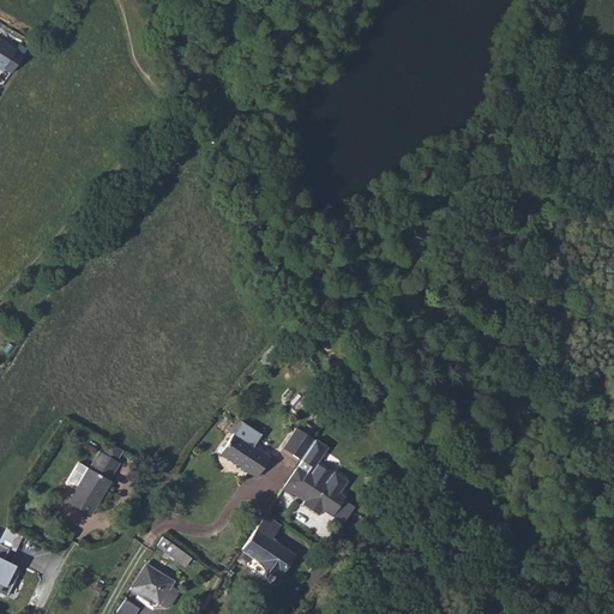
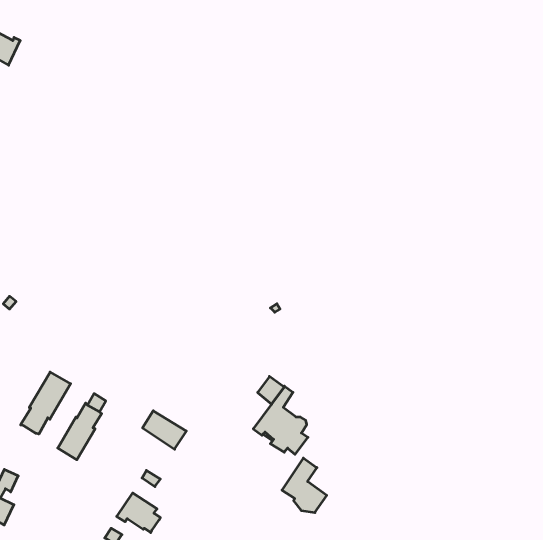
building: none -> [21,372,71,434]
building: [224,432,273,475] -> [143,411,186,449]
building: [242,512,293,573] -> [282,458,327,513]

